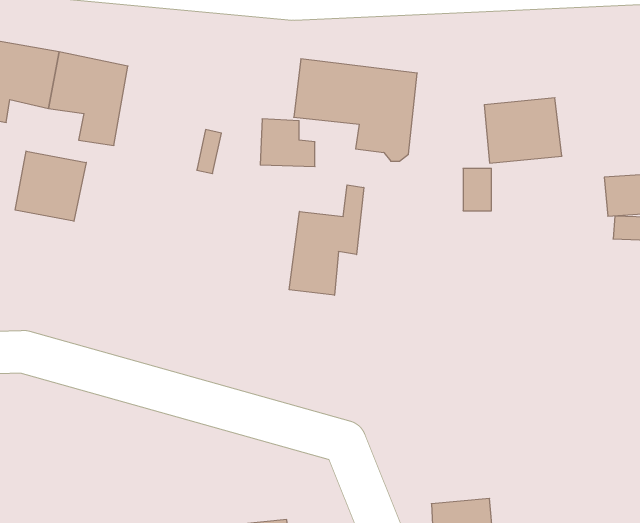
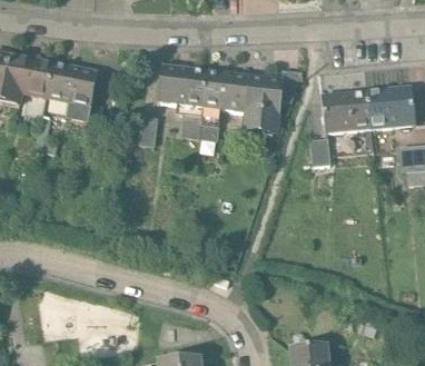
building: none -> [158,63,207,105]
building: none -> [367,89,415,129]
building: [15,151,86,221] -> none
building: [289,185,364,295] -> none

